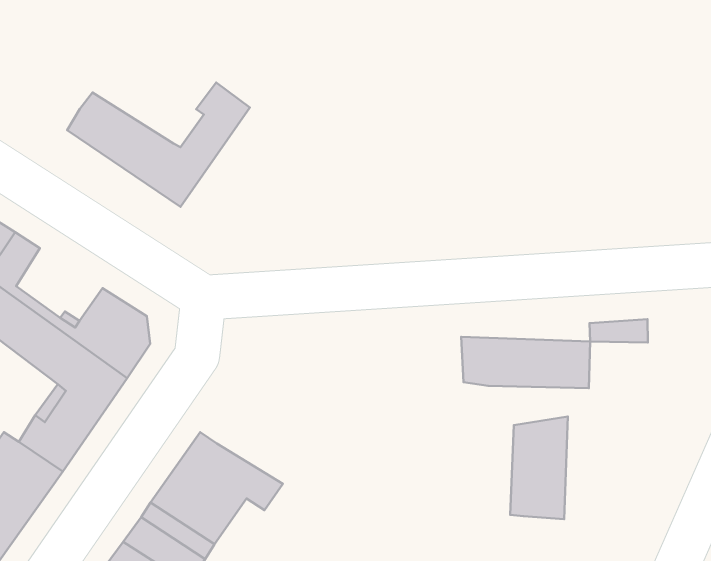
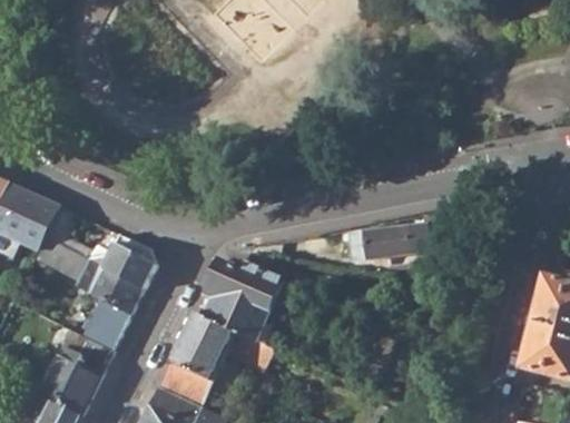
building: [67,83,250,207] -> none
building: none -> [204,262,282,347]
building: [510,416,568,519] -> none

